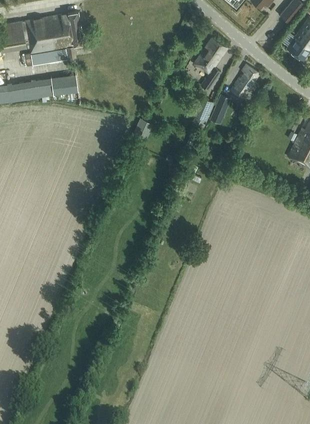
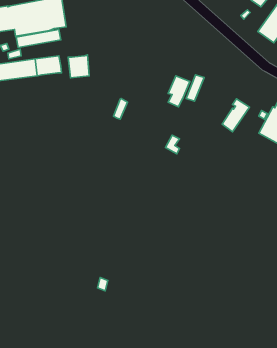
building: [193,38,226,86] -> none
building: [230,65,259,100] -> [222,99,250,132]
building: none -> [68,55,89,78]

